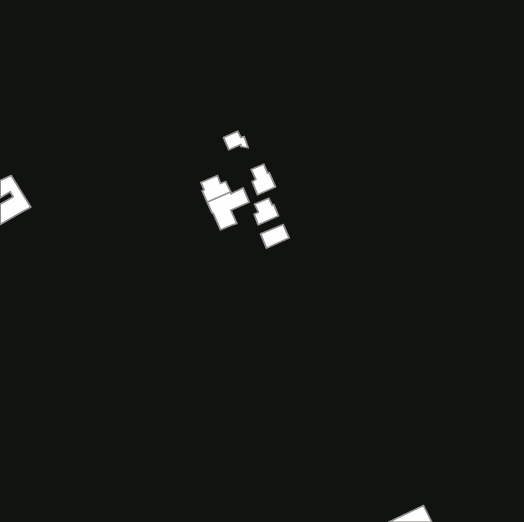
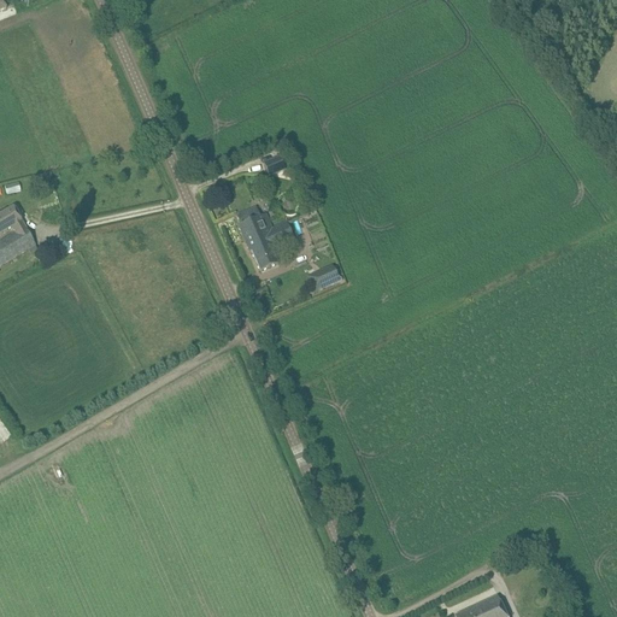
building: [251,164,275,195] -> none
building: [254,198,279,225] -> none

